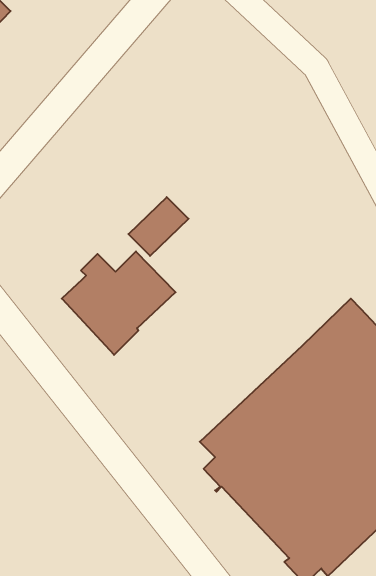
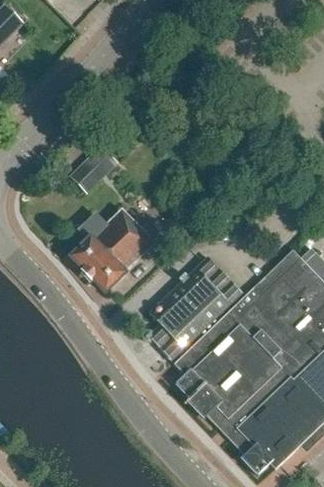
building: [128,197,189,256] -> [69,147,116,193]
building: none -> [144,256,242,359]

